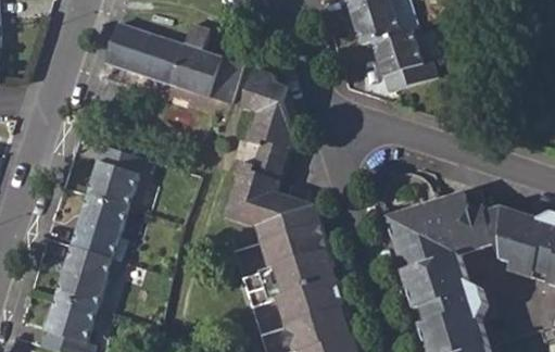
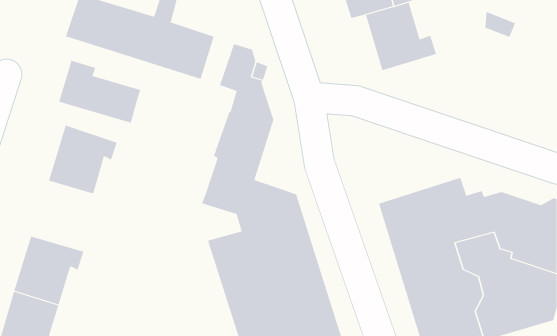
building: none -> [59,60,141,123]
building: [72,194,129,259] -> none

